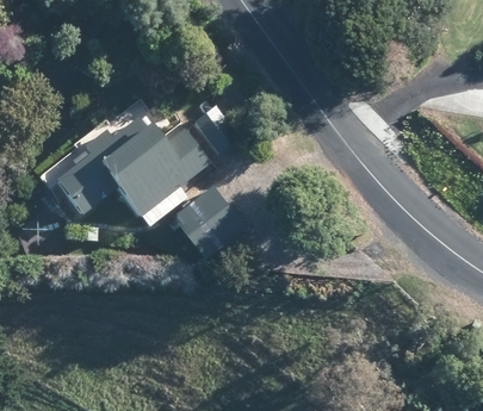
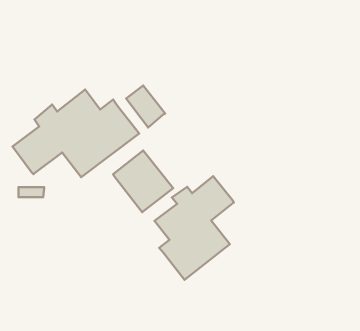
building: none -> [154,176,234,280]

